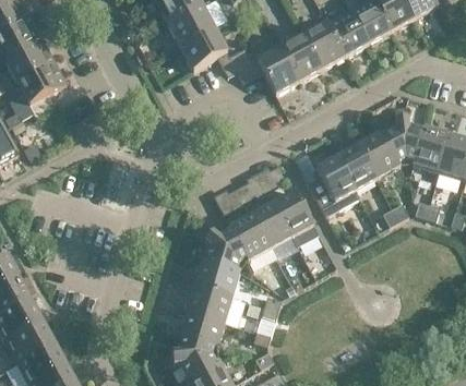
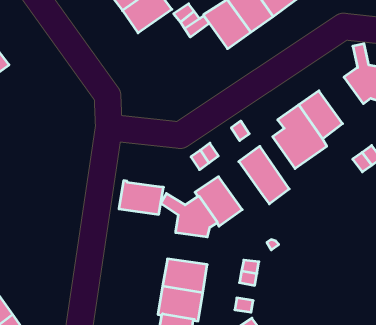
building: [357,131,399,178] -> none
building: [252,202,291,248] -> none
building: [194,260,239,295] -> [119,181,164,214]

